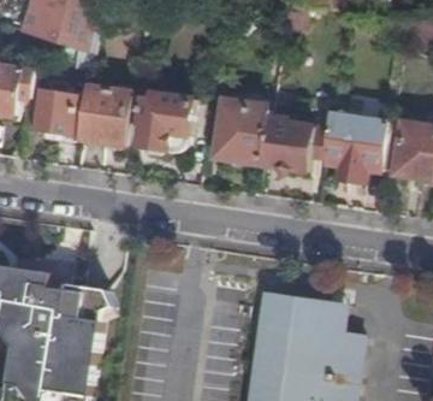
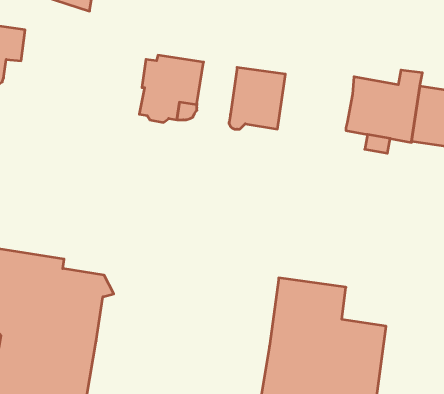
building: [78,84,130,143] -> none
building: [32,85,78,135] -> none
building: [259,117,327,170] -> none

